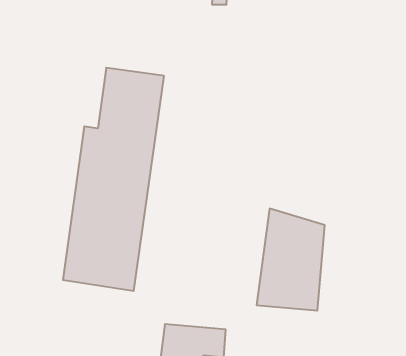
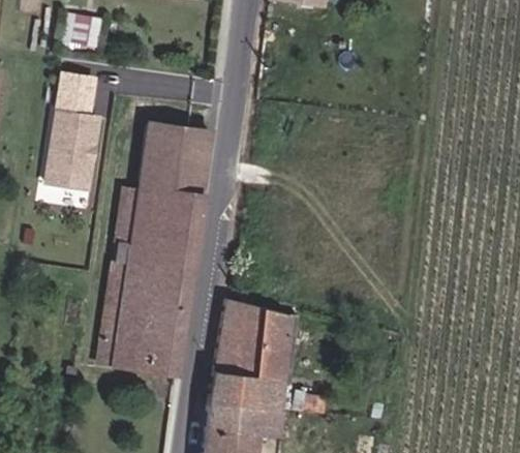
building: none -> [47,71,99,188]
building: [257,209,325,311] -> [213,300,289,415]

